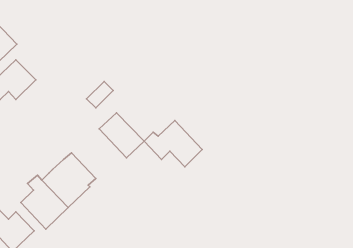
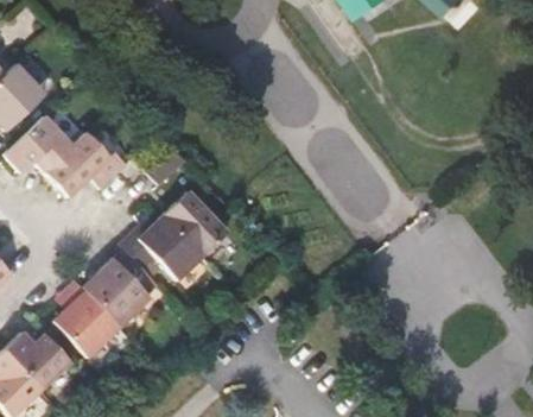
building: none -> [44,132,127,197]
building: [144,120,202,167] -> [119,215,202,282]

